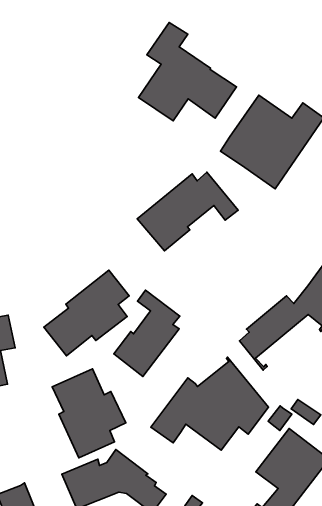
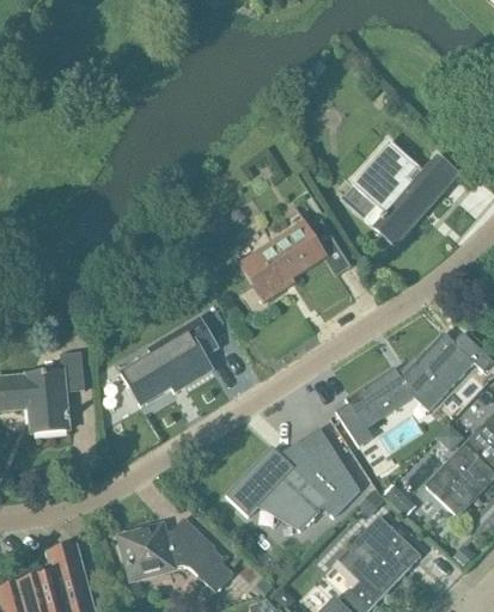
building: [138,23,237,121] -> none
building: [114,290,180,376] -> none
building: [52,369,126,458] -> none

